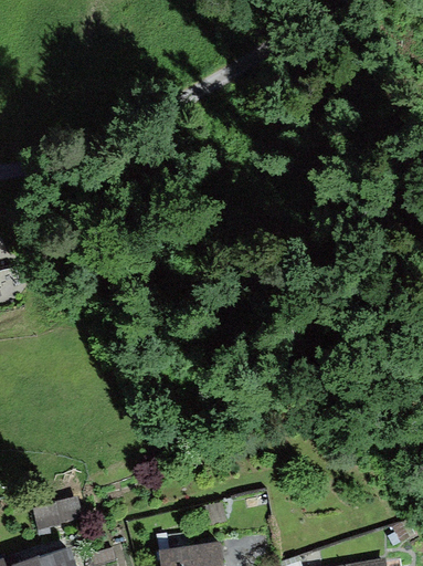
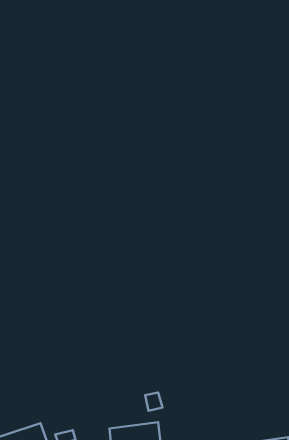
building: [30,497,82,534] -> none

